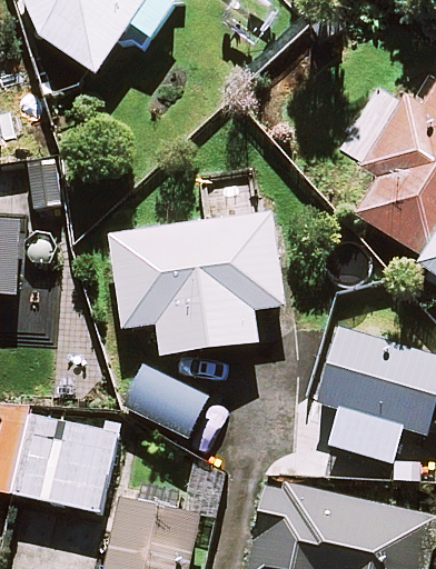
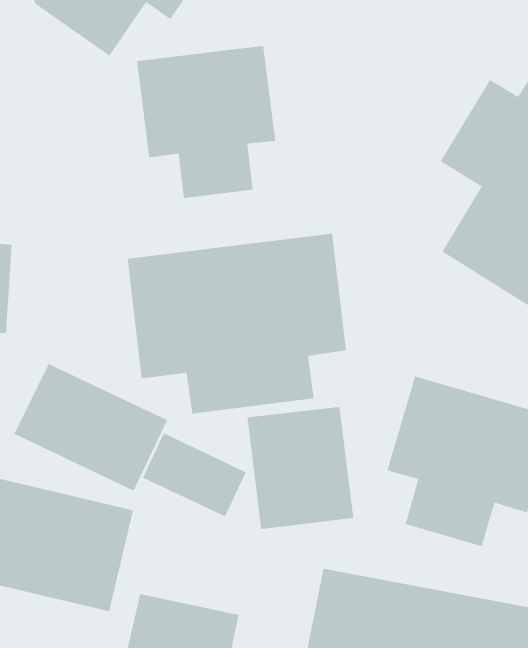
building: none -> [137,45,276,199]
building: none -> [13,363,168,492]
building: none -> [247,406,354,530]

